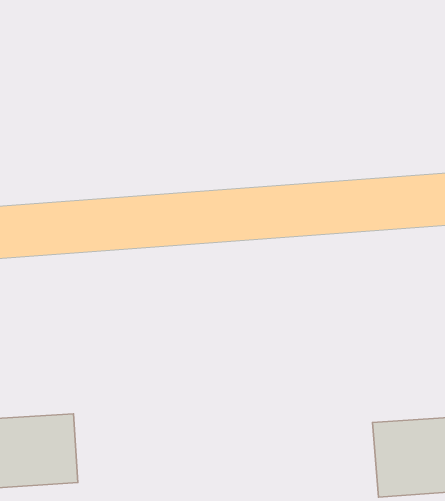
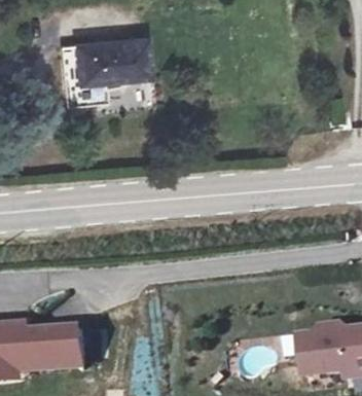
building: none -> [65,50,139,95]

